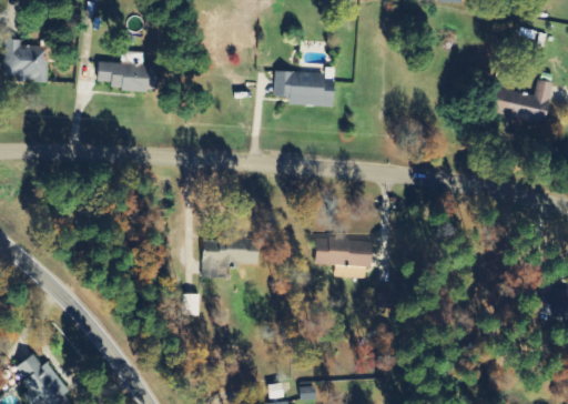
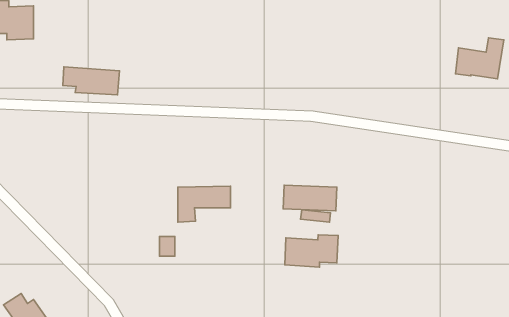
building: [97,60,158,90] -> [63,67,120,95]
building: [273,70,334,104] -> none
building: none -> [285,235,338,267]

